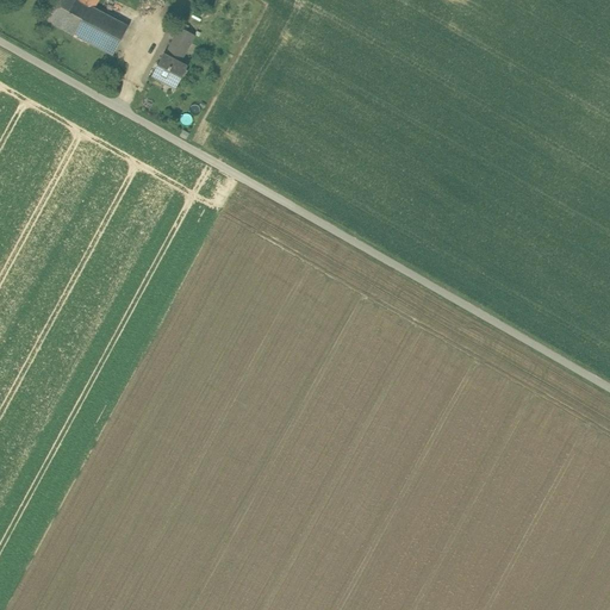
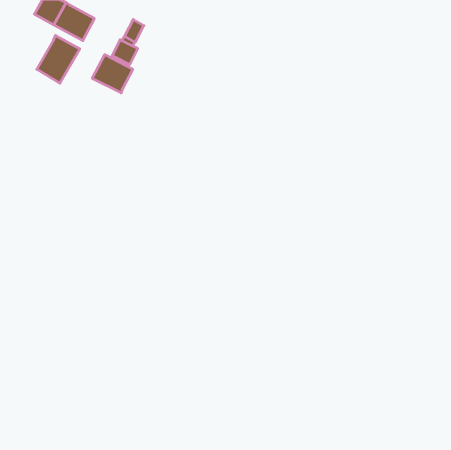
building: none -> [37,35,80,83]
building: none -> [92,55,133,93]

